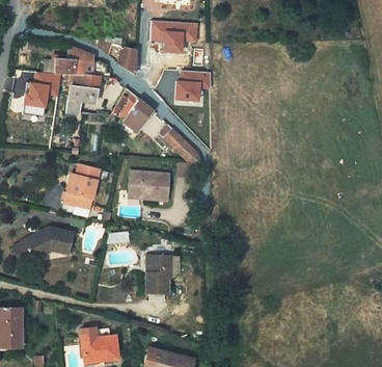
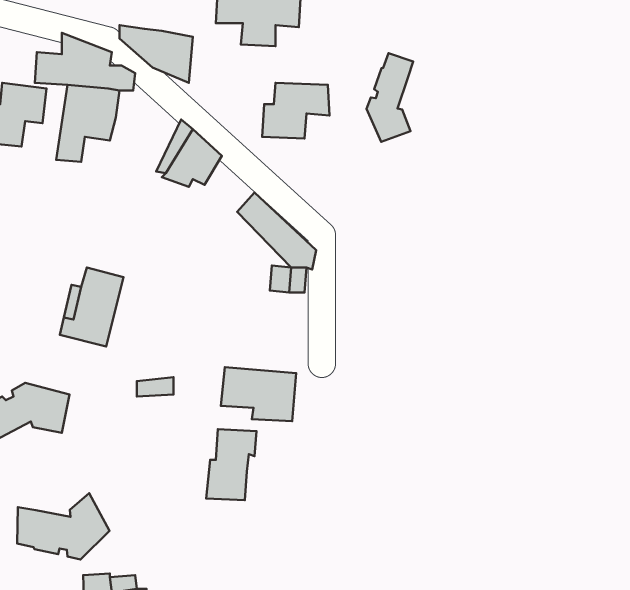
building: none -> [367,53,413,142]
building: [128,177,168,206] -> [221,367,296,421]
building: none -> [17,493,109,560]

